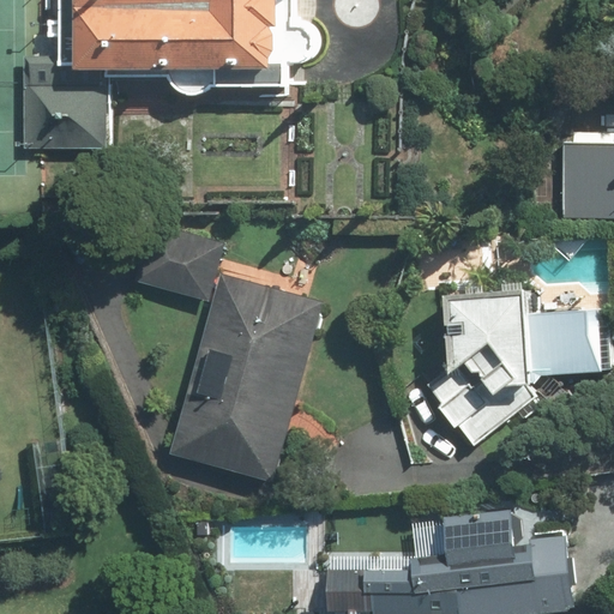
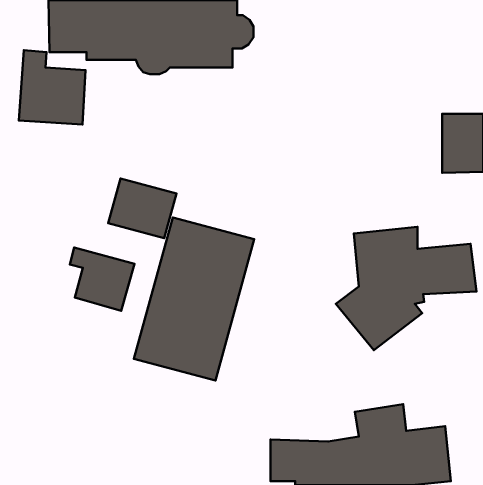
building: none -> [70,247,135,311]

